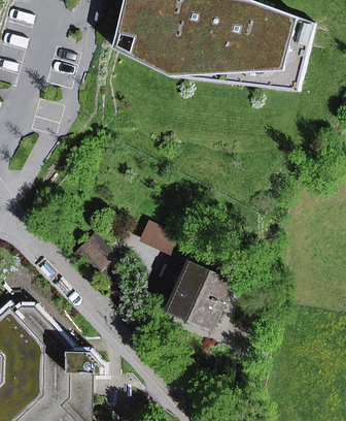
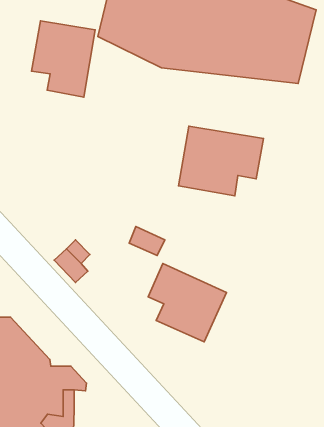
building: none -> [31,21,95,97]
building: none -> [179,126,264,196]

